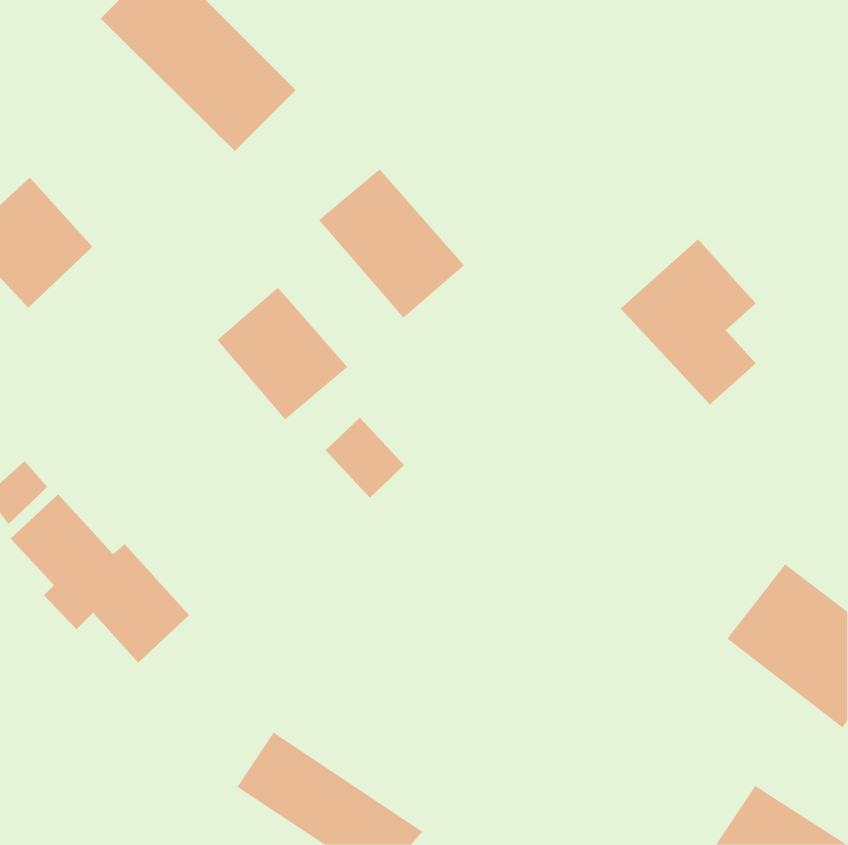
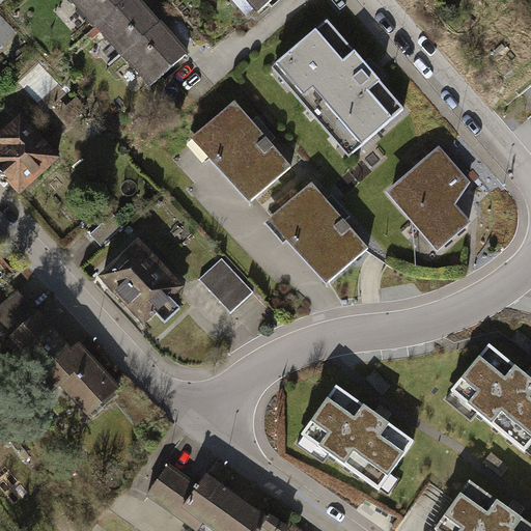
building: none -> [276,18,406,152]
building: [216,287,348,420] -> [95,237,177,320]
building: none -> [274,185,364,277]
building: none -> [304,392,414,492]

